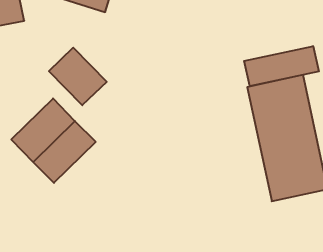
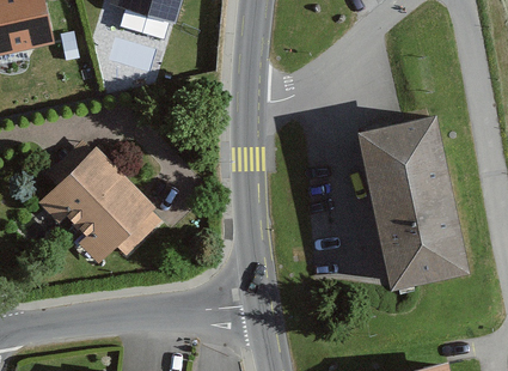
building: [244,46,319,86] -> none
building: [49,48,107,105] -> none

